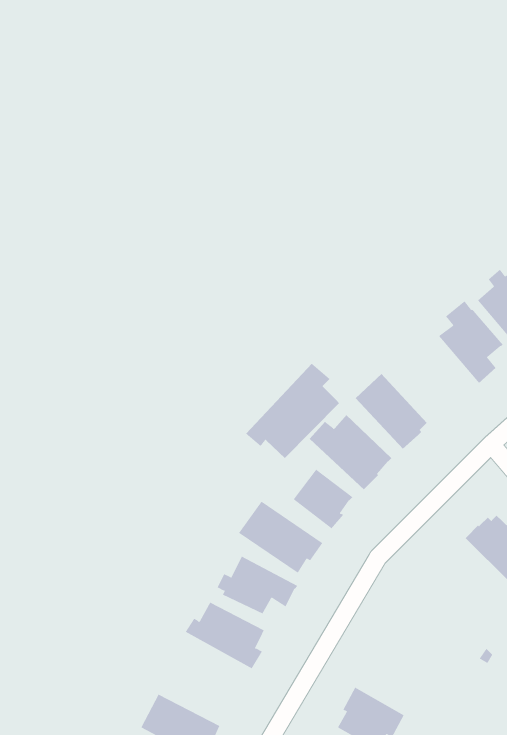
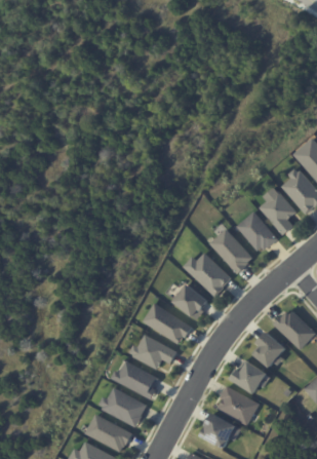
building: none -> [236,212,278,252]
building: [245,363,340,459] -> none
building: none -> [252,332,286,369]
building: none -> [231,361,270,394]
building: none -> [217,386,259,426]
building: none -> [100,388,147,428]

